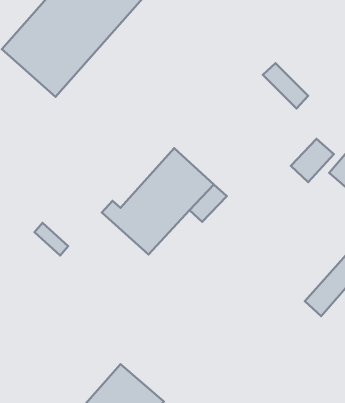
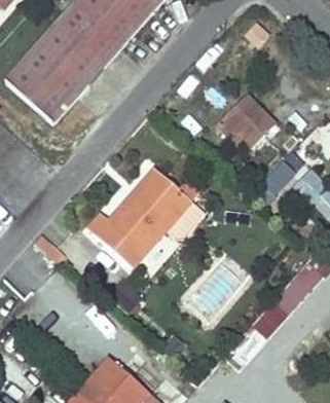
building: none -> [215,104,265,154]

